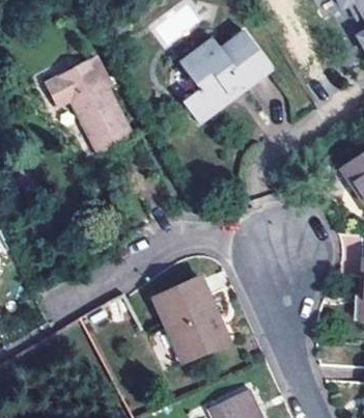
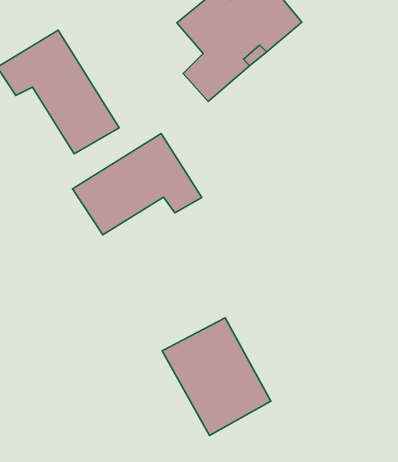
building: none -> [72,134,202,235]

